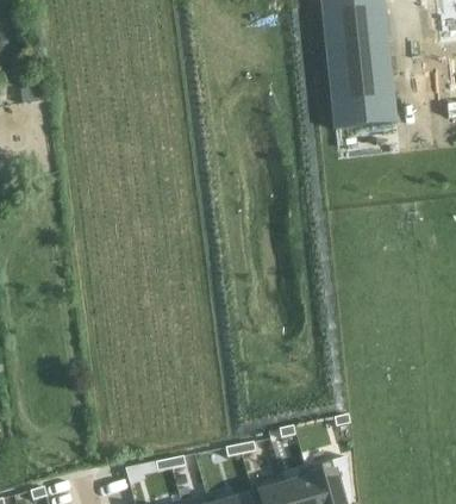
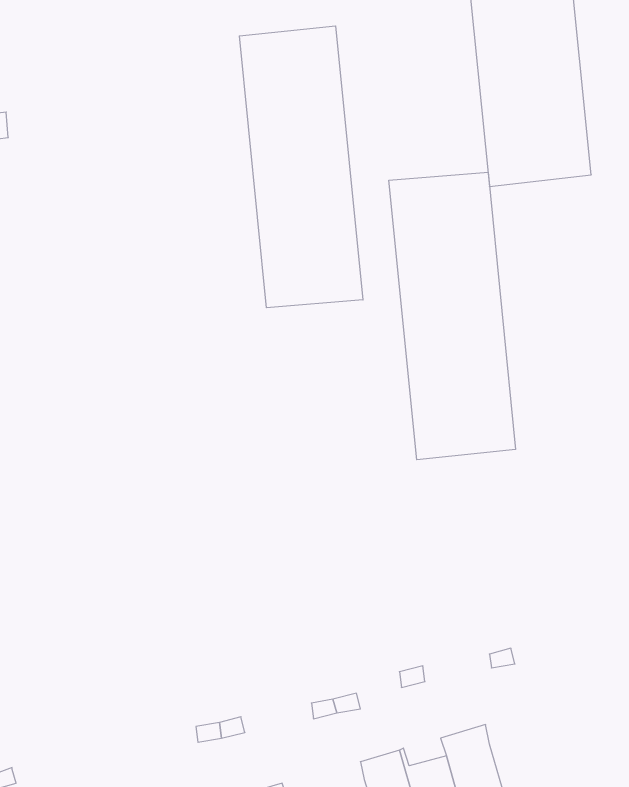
building: none -> [239,26,363,308]
building: none -> [389,172,516,460]

